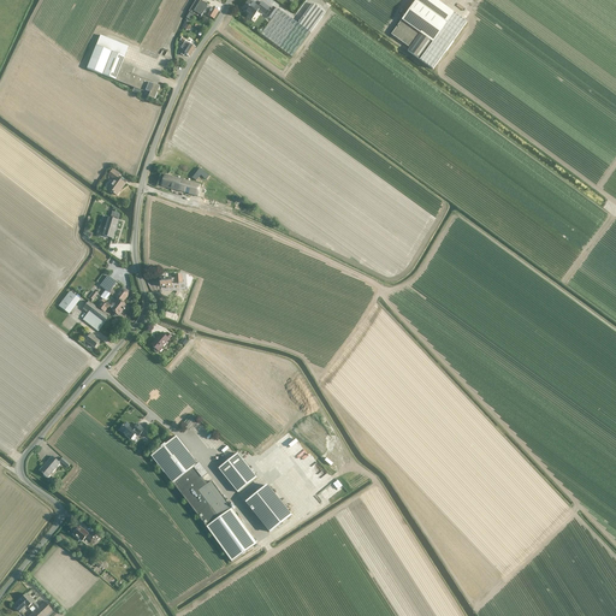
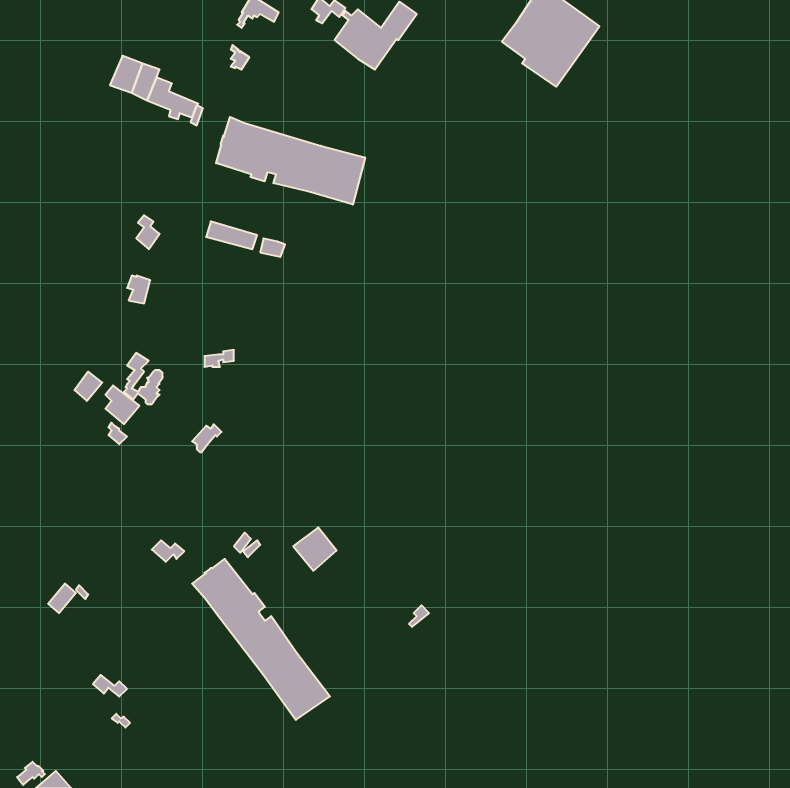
building: none -> [216,117,365,205]
building: [217,451,250,485] -> [293,527,337,571]
building: [244,484,290,529] -> none

